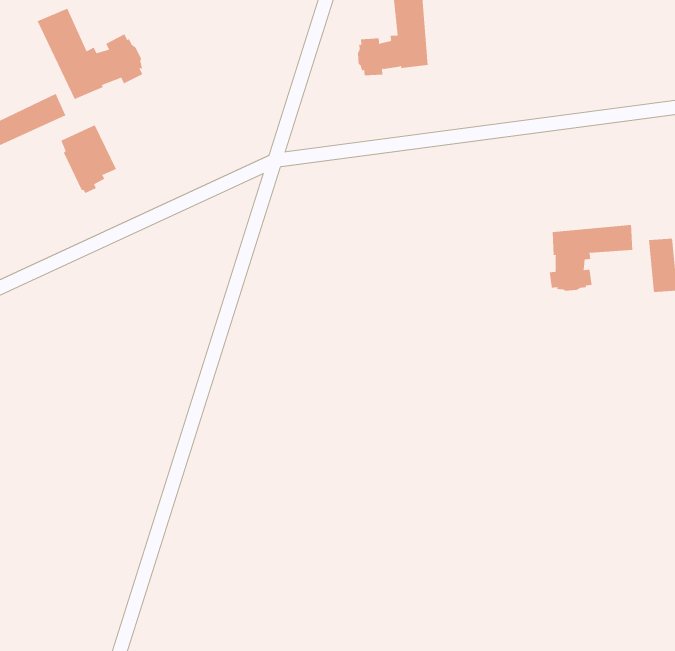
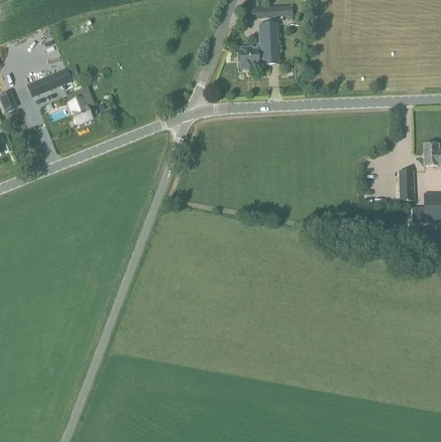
building: [37,8,143,100] -> none
building: [549,224,633,292] -> none

